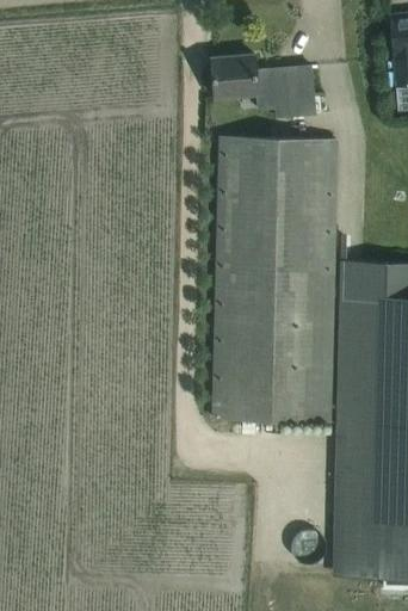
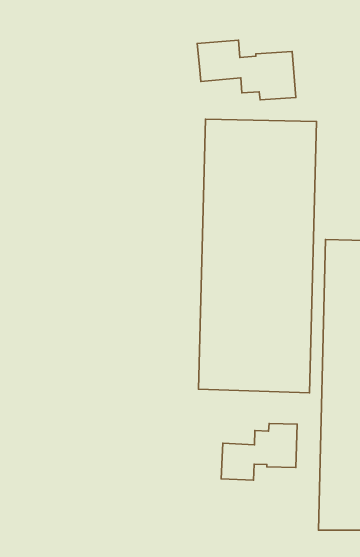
building: none -> [221,423,297,480]

